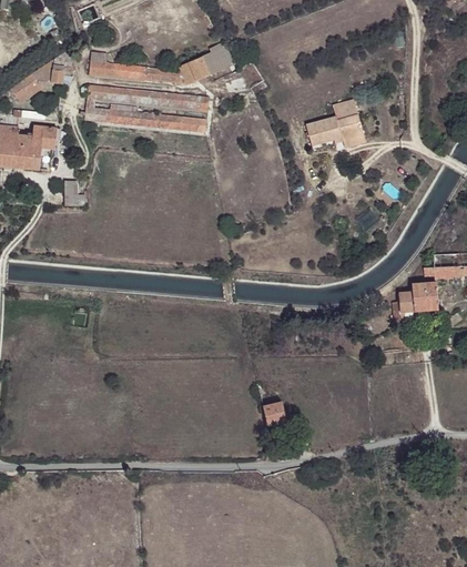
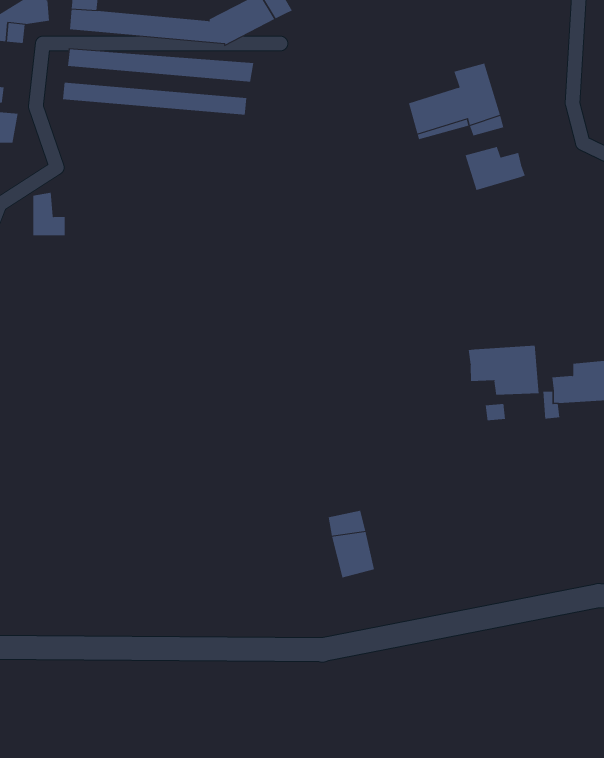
building: none -> [465,146,526,191]
building: none -> [468,345,539,396]

